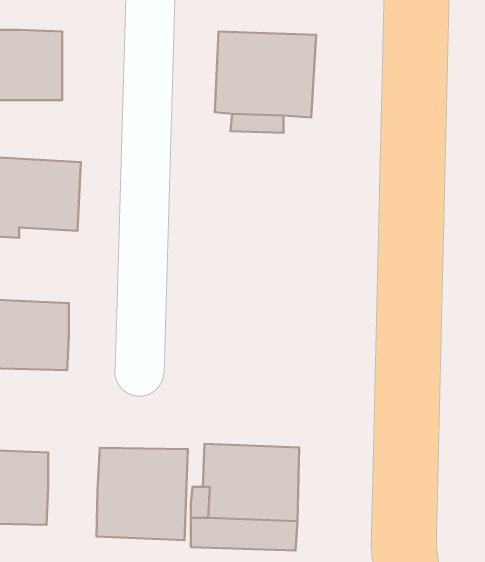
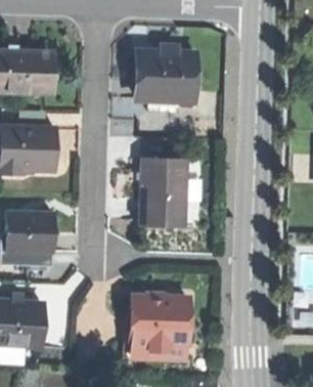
building: none -> [141,159,189,226]
building: [97,448,188,540] -> none

